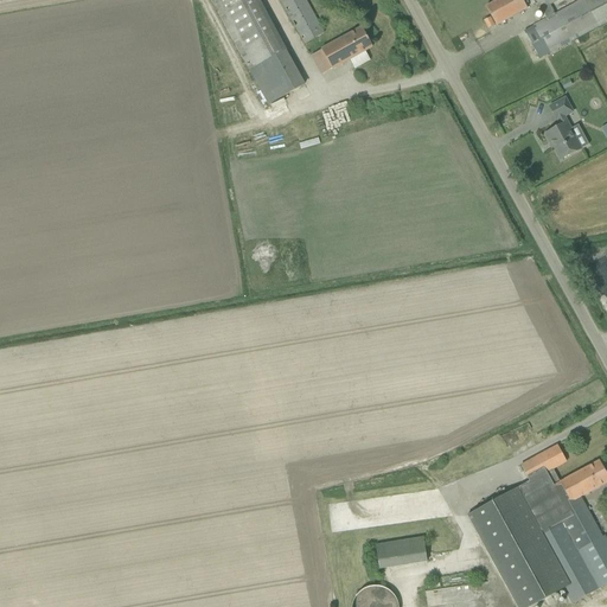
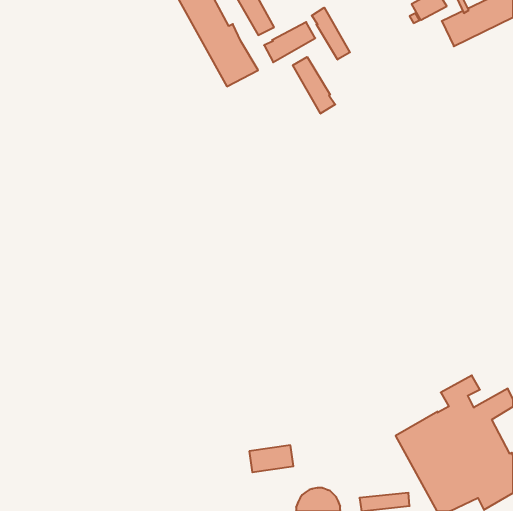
building: none -> [312,8,350,60]
building: none -> [293,57,335,114]
building: [545,97,582,158] -> none
building: [373,535,426,567] -> [249,445,293,472]

